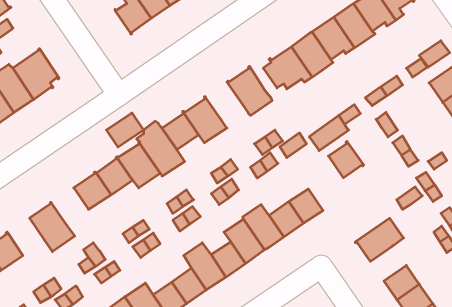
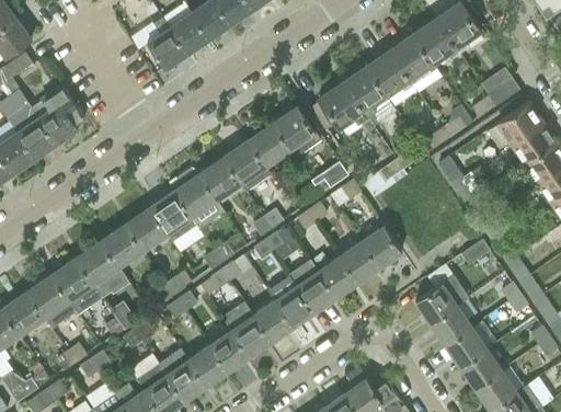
building: none -> [248,123,289,164]
building: [106,113,143,147] -> none
building: [328,141,364,178] -> [363,226,402,266]
building: none -> [76,240,129,297]
building: none -> [27,274,77,329]
building: none -> [432,306,472,345]

